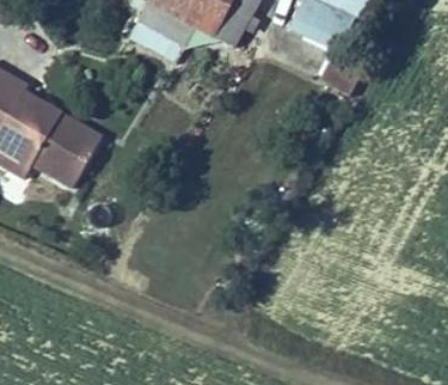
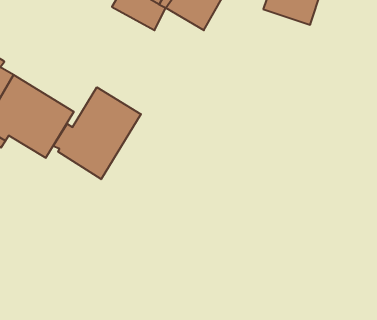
building: none -> [53,87,141,179]

